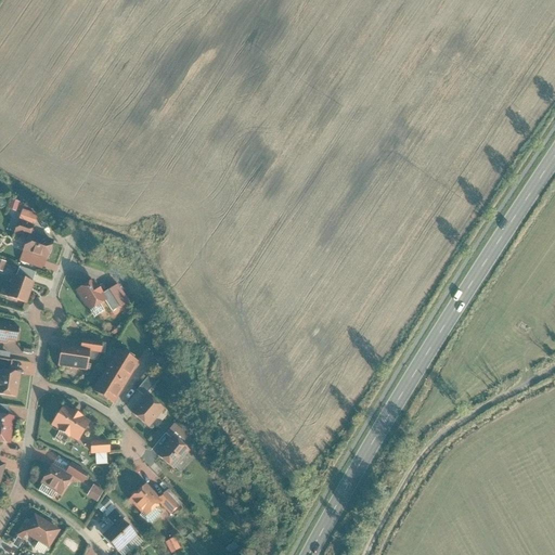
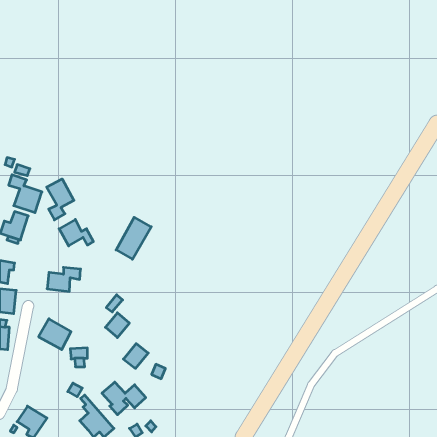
building: none -> [47,179,74,220]
building: [92,348,137,401] -> [116,217,151,259]
building: [38,462,88,500] -> none

